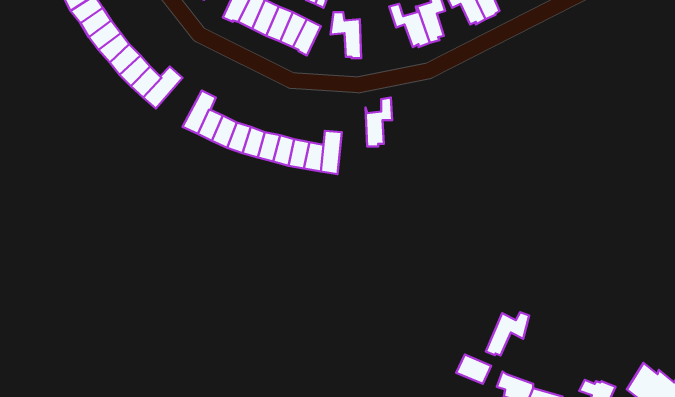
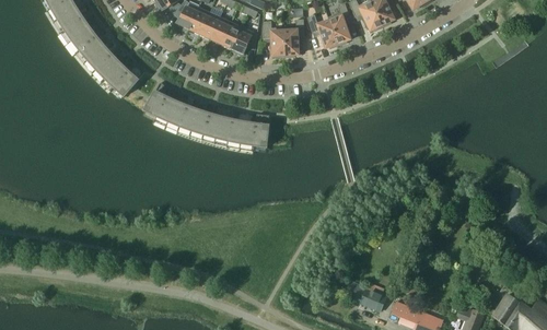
building: [366,98,392,147] -> [283,17,304,56]
building: [486,312,529,356] -> none

